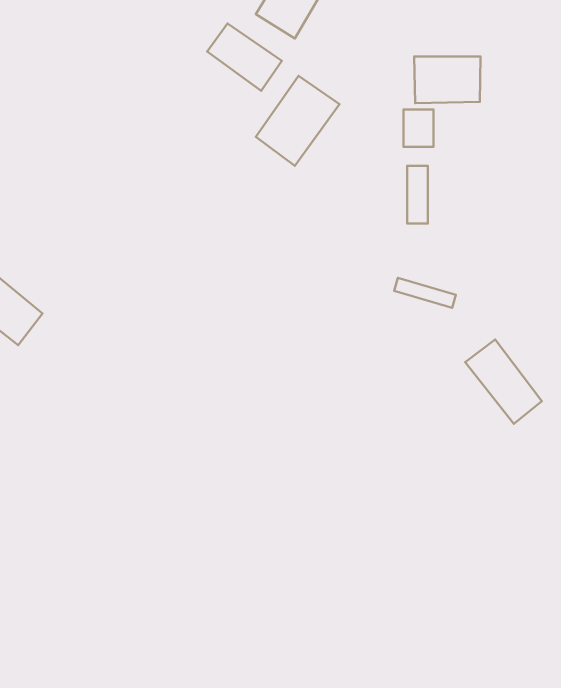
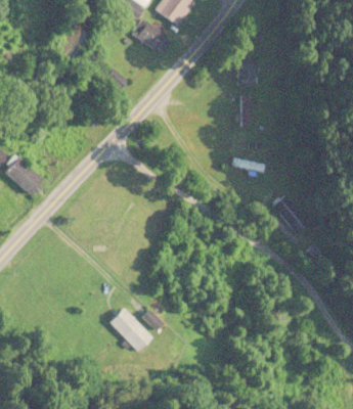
building: [414,56,481,103] -> none
building: [256,76,340,166] -> none
building: none -> [108,307,156,353]

